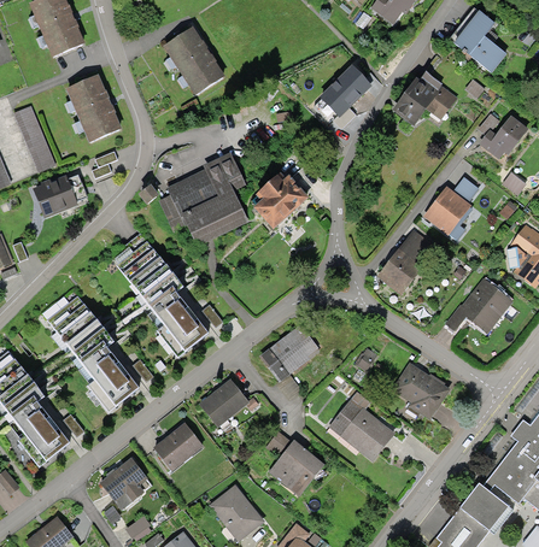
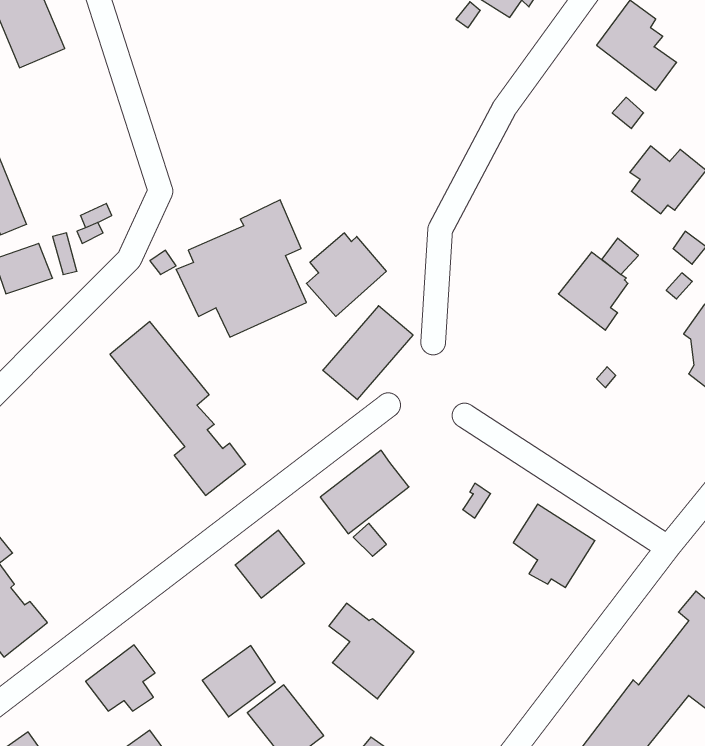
building: [163,28,223,95] -> none
building: [318,66,371,131] -> none
building: [391,73,457,125] -> none
building: [66,75,121,141] -> none
building: [376,230,439,295] -> [323,306,413,400]
building: [447,276,521,333] -> none
building: [46,289,141,410] -> none
building: [329,389,397,461] -> none
building: [151,423,201,472] -> [202,646,275,717]

